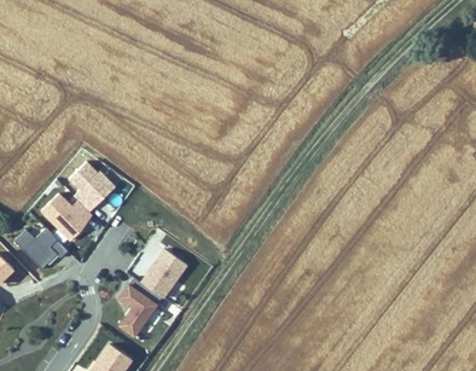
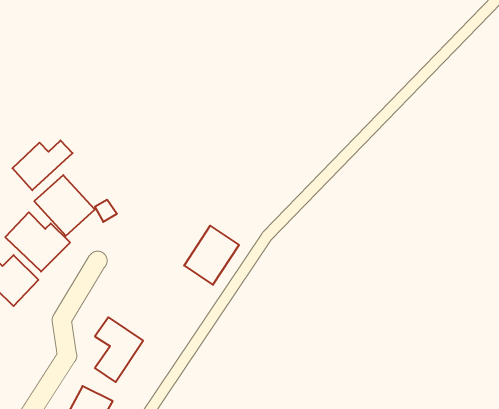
building: none -> [12,140,73,190]
building: [140,248,188,300] -> [184,226,239,285]

